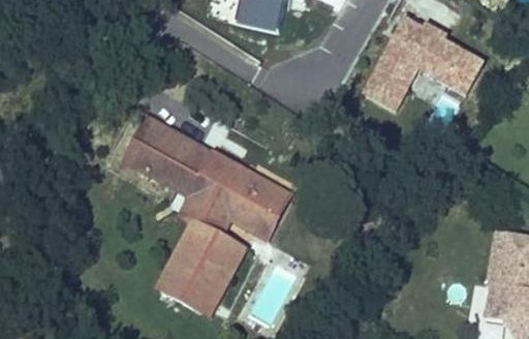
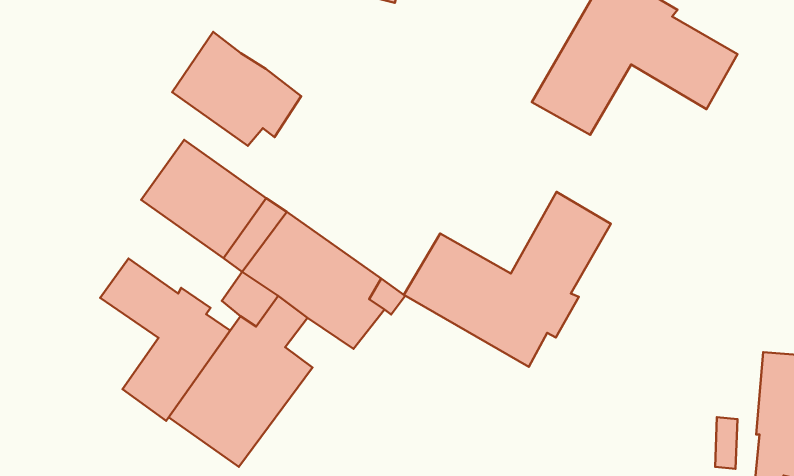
building: none -> [172,32,301,146]
building: none -> [404,192,611,367]
building: none -> [100,259,230,421]

